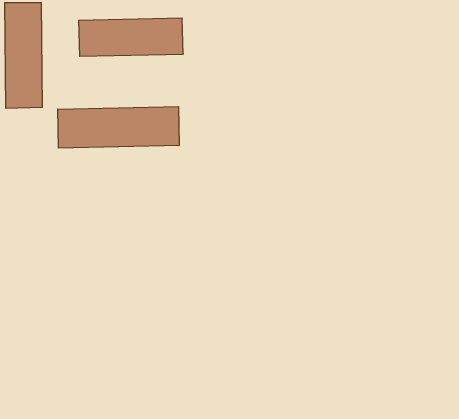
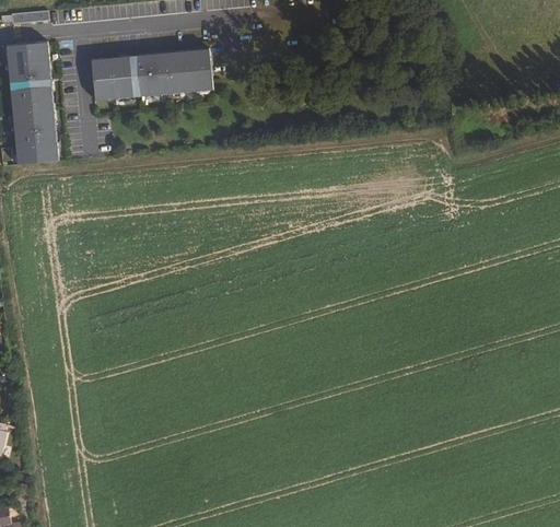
building: [58,107,179,148] -> none

